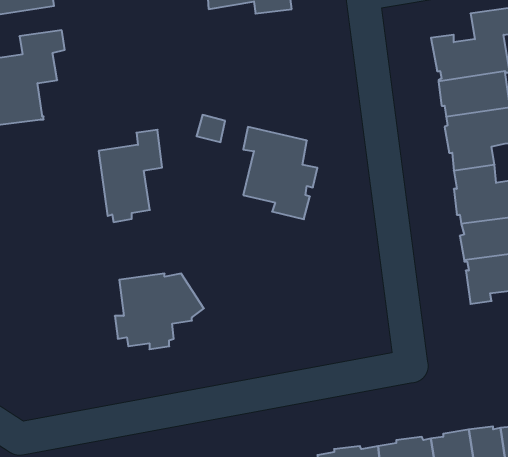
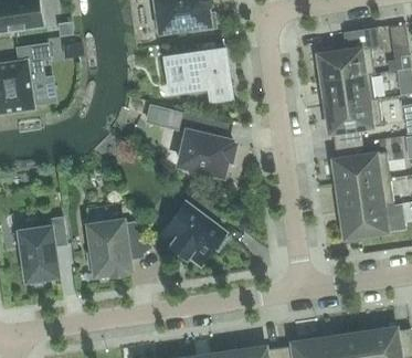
building: none -> [163,49,231,99]
building: [99,130,162,222] -> [19,217,65,284]
building: none -> [160,193,229,263]

